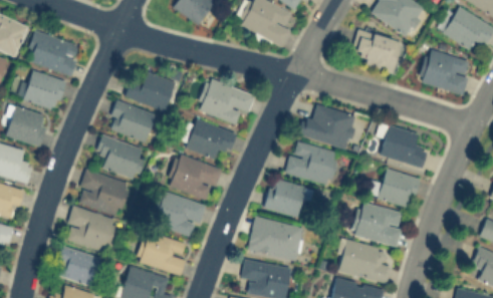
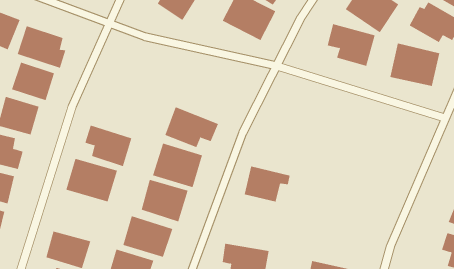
building: [126,71,177,112] -> none
building: [196,77,255,124] -> none
building: [106,100,156,142] -> none
building: [298,105,357,150] -> none
building: [380,125,428,168] -> none
building: [285,140,339,186] -> none
building: [374,169,420,209] -> none
building: [351,203,405,247] -> none
building: [63,207,118,253] -> none
building: [247,216,306,262] -> none
building: [336,240,392,283] -> none

